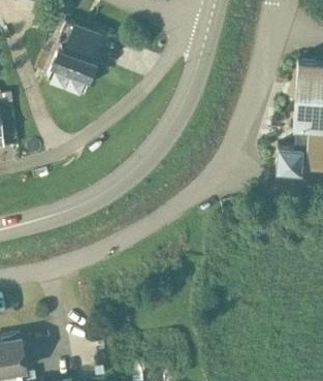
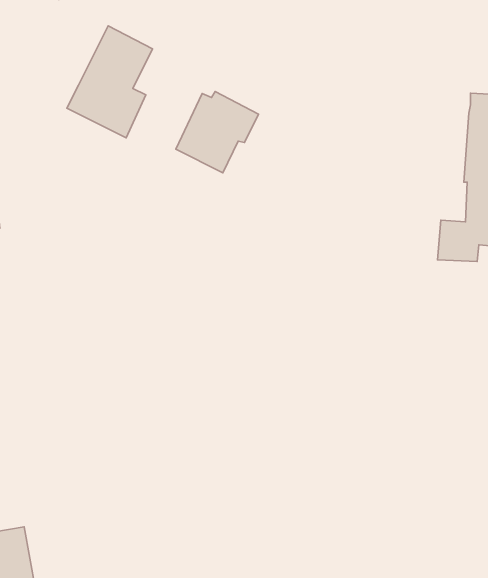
building: none -> [176,91,259,173]

